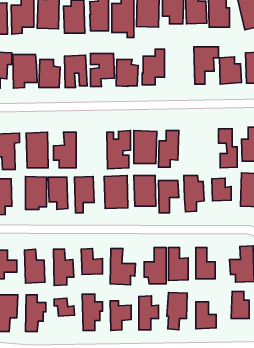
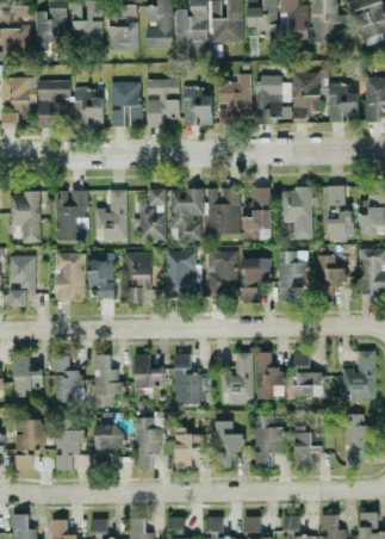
building: none -> [256,75,292,120]
building: none -> [281,187,313,238]
building: none -> [138,188,166,240]

